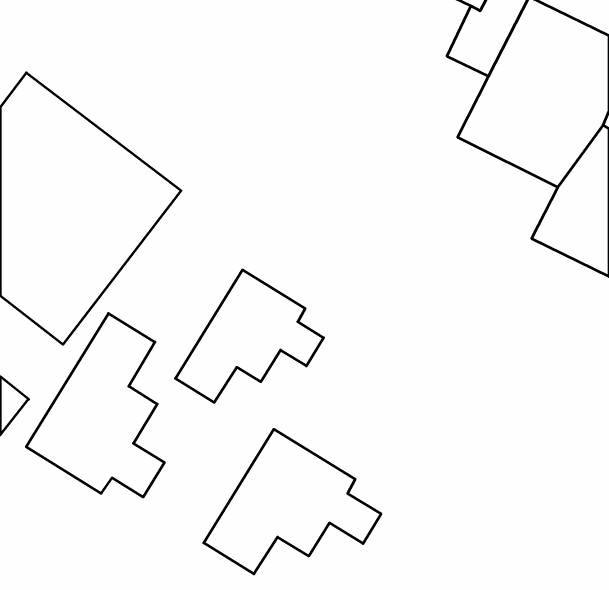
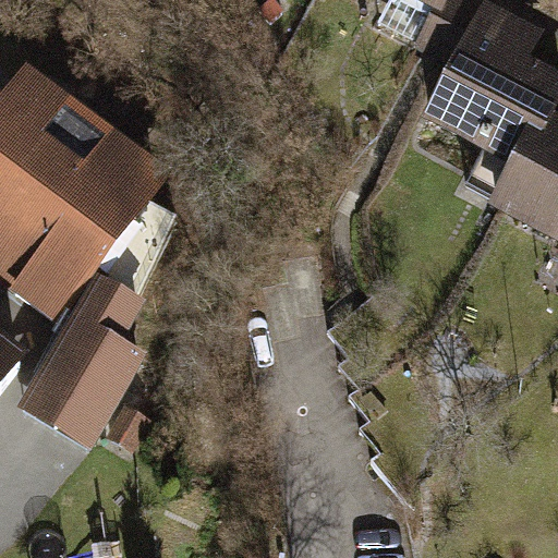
building: [175,270,324,402] -> none
building: [204,429,381,574] -> none

